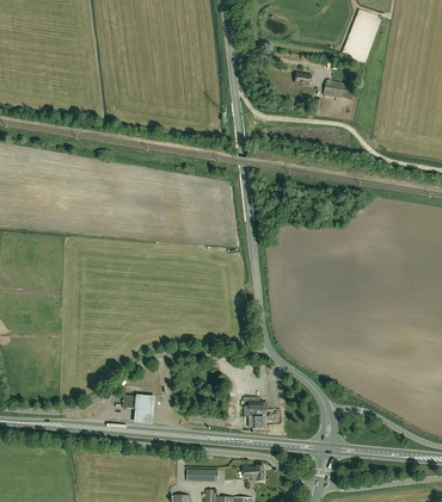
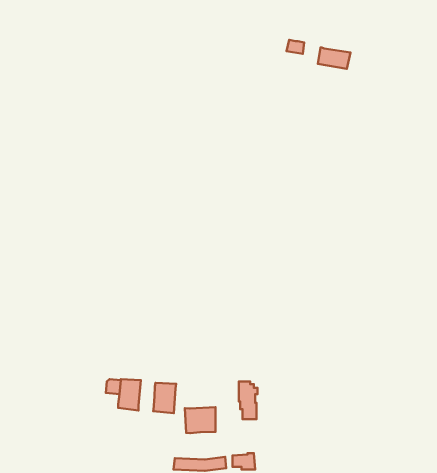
building: none -> [153,383,176,413]
building: none -> [185,407,216,433]

